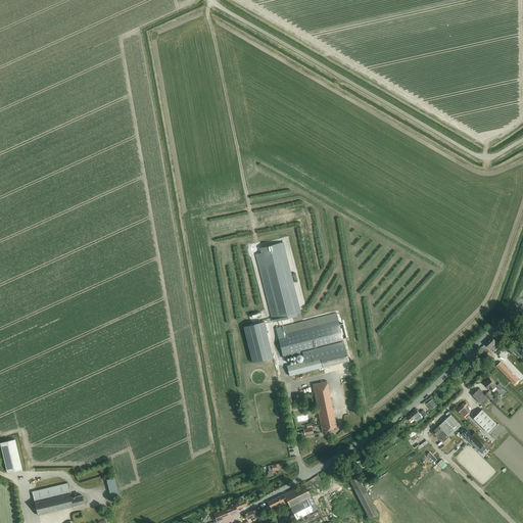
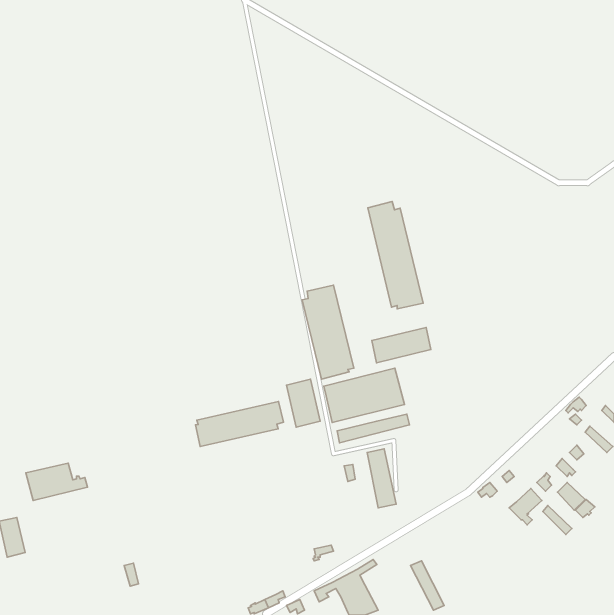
building: none -> [368,201,423,309]
building: none -> [372,327,431,363]
building: none -> [196,402,284,447]
building: [31,483,83,515] -> [26,463,87,500]

